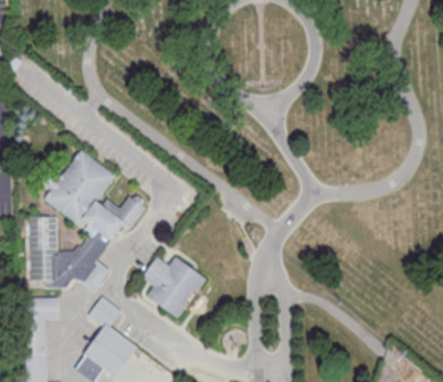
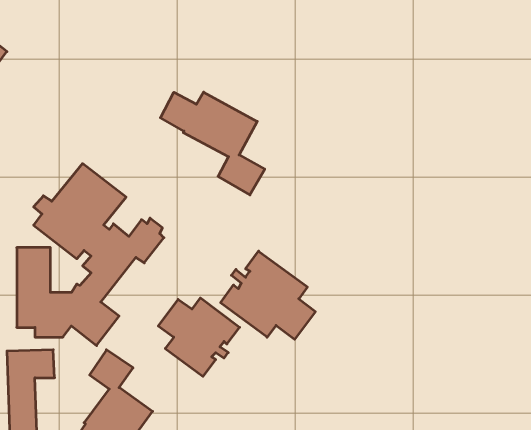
building: none -> [160,92,265,195]
building: none -> [221,251,315,339]

